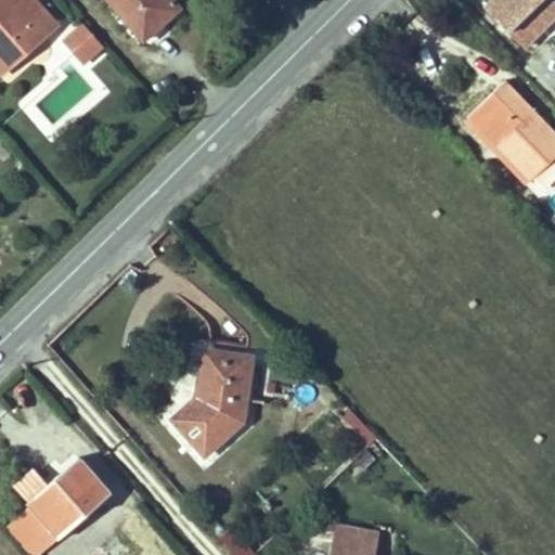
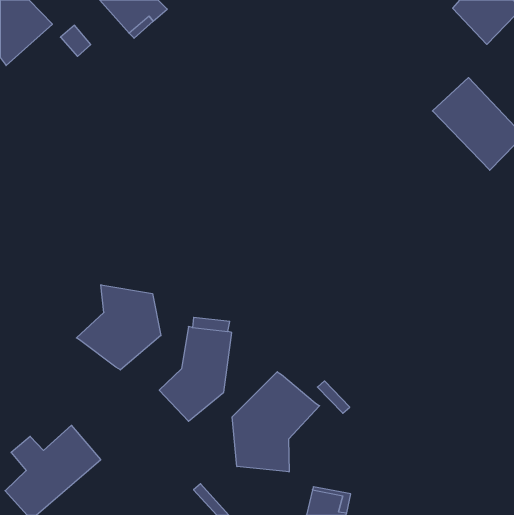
building: none -> [76,285,161,370]
building: none -> [232,372,320,472]

